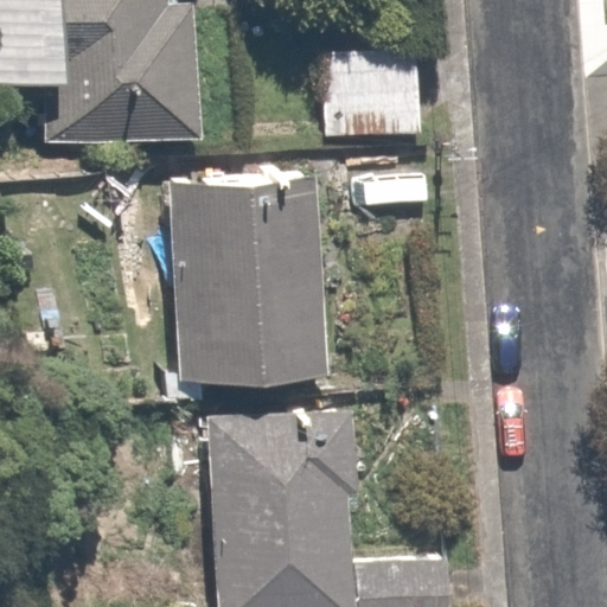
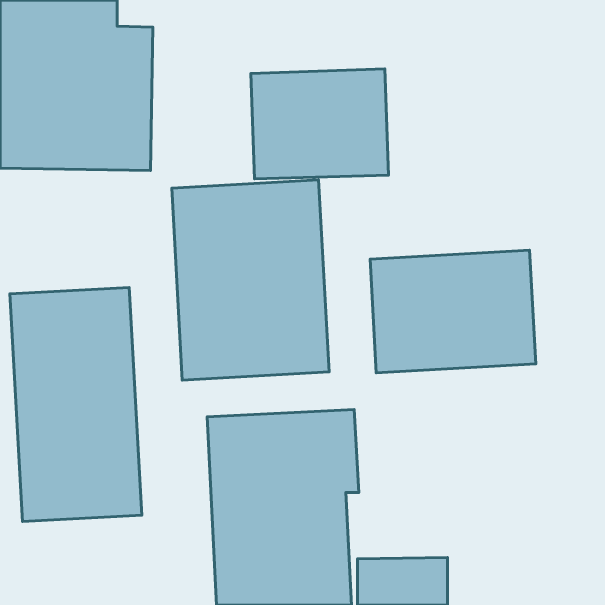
building: none -> [370,250,536,373]
building: none -> [10,287,142,522]

